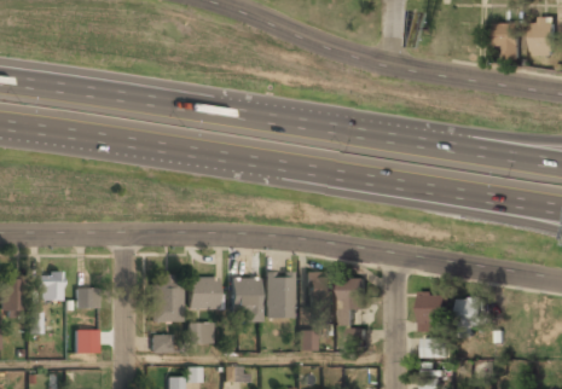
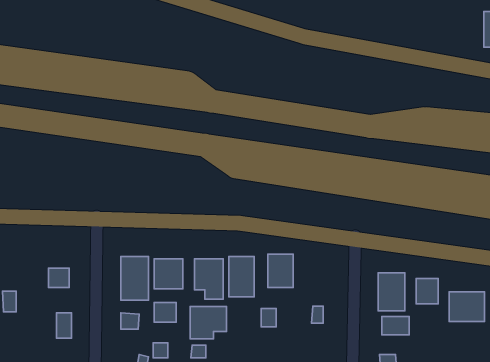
building: [494,22,522,58] -> none
building: [37,273,62,300] -> none
building: [343,277,366,324] -> none
building: none -> [449,292,485,321]
building: none -> [190,307,226,339]

